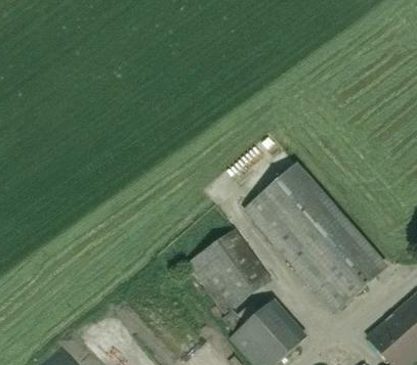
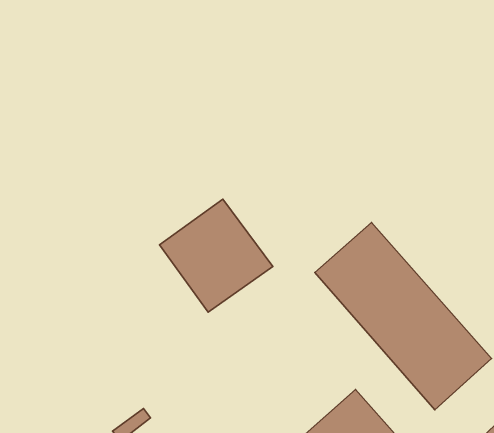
building: [187,226,274,312] -> [159,199,273,312]

